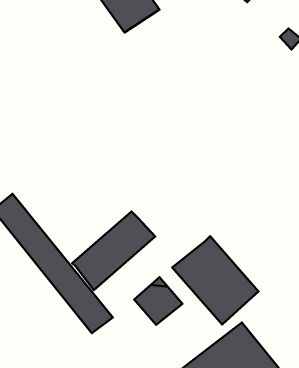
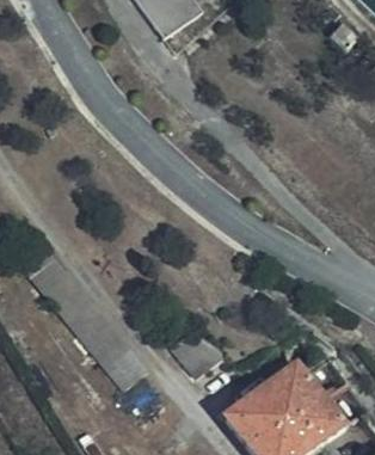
building: [72,211,155,290] -> none
building: [172,236,258,325] -> none

